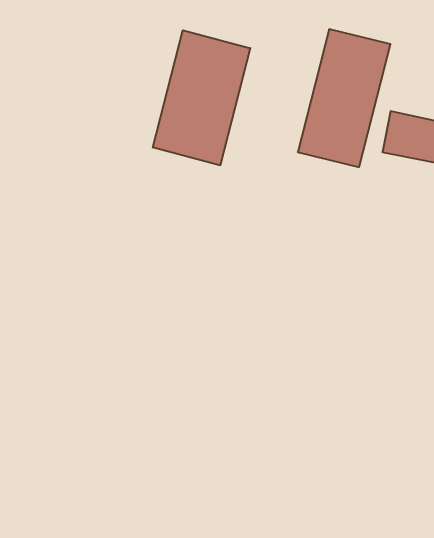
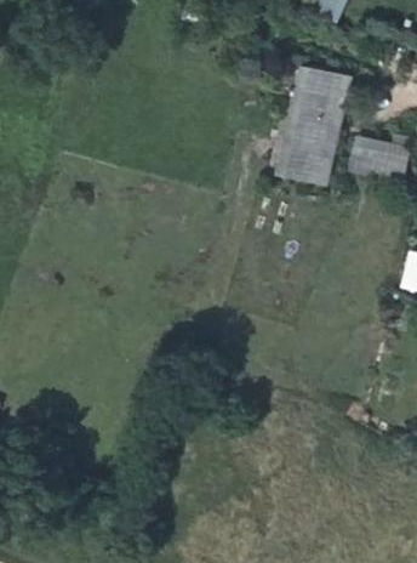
building: [153,30,250,165] -> none

